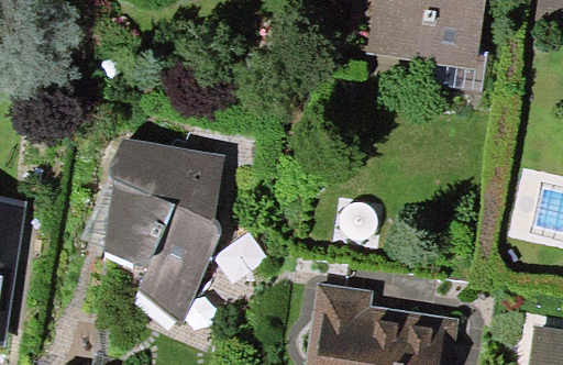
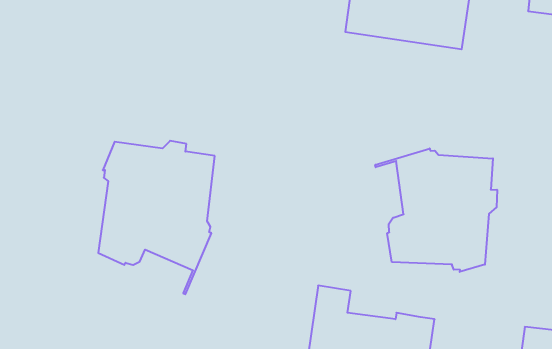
building: none -> [375,148,497,272]

